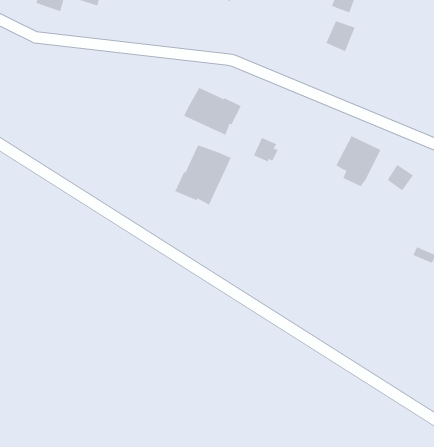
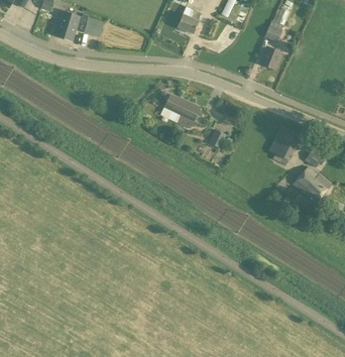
building: [175,145,232,206] -> none
building: none -> [293,165,331,202]

